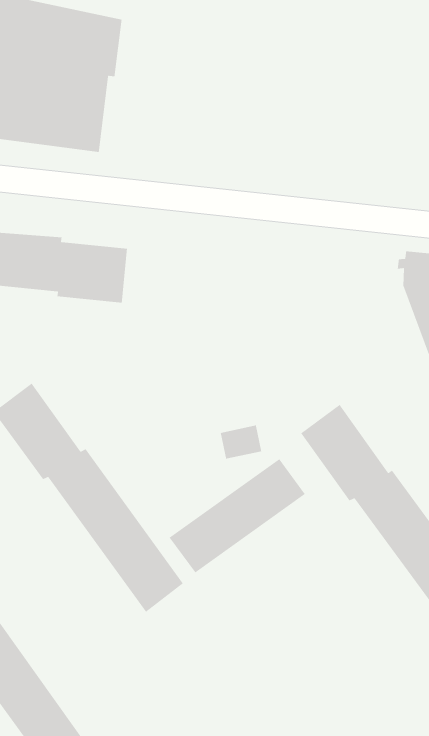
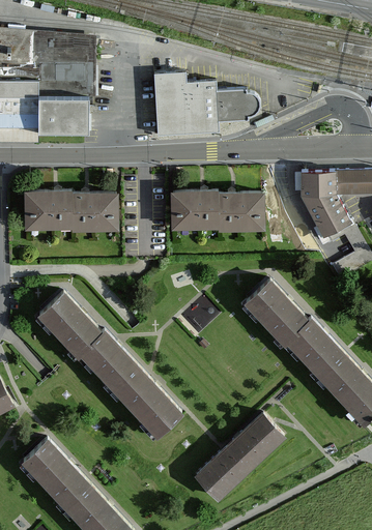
building: none -> [153,72,259,137]
building: none -> [172,192,263,232]
building: [169,458,306,574] -> [196,414,284,498]

